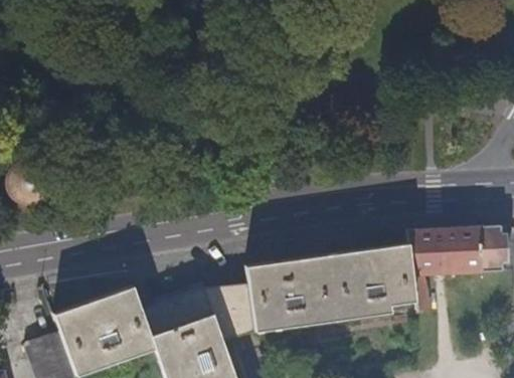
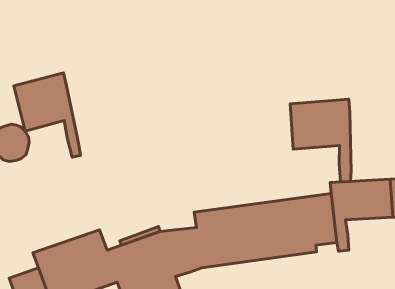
building: none -> [14,73,81,157]
building: none -> [290,99,351,182]

